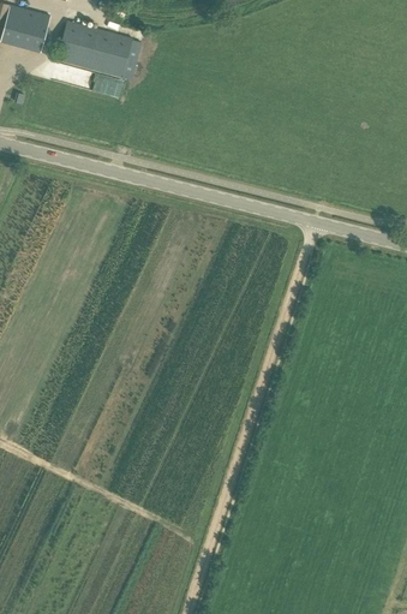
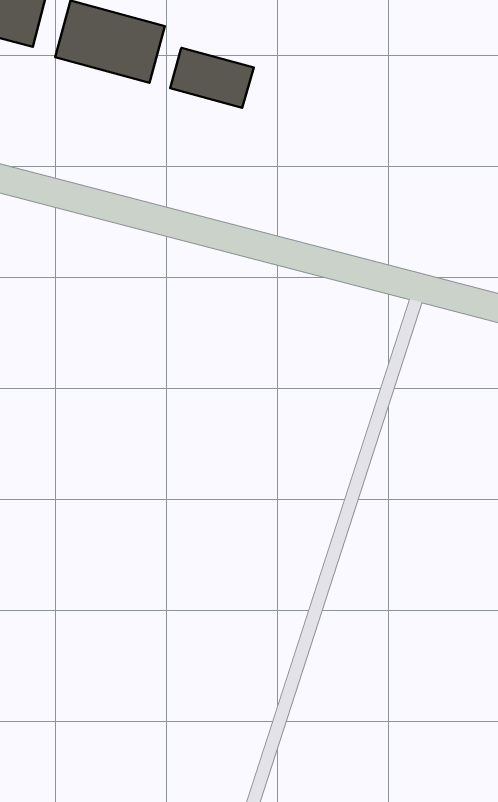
building: none -> [170,48,254,108]

